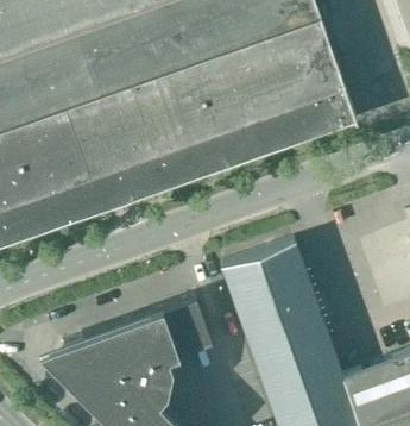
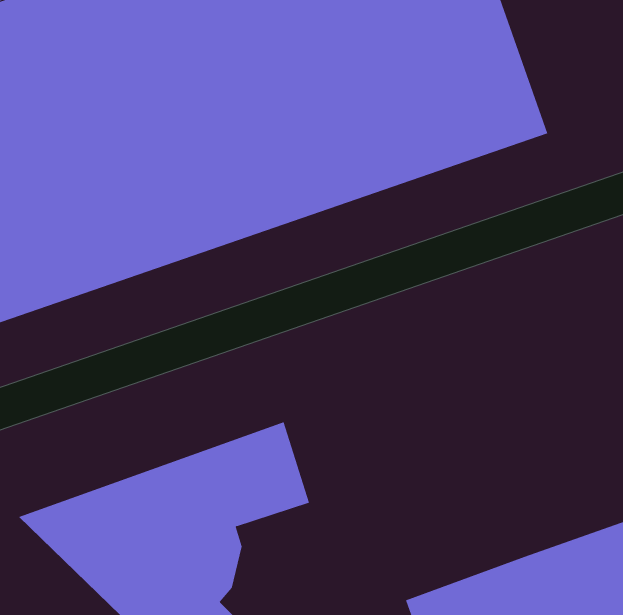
building: [222,243,341,403] -> none

